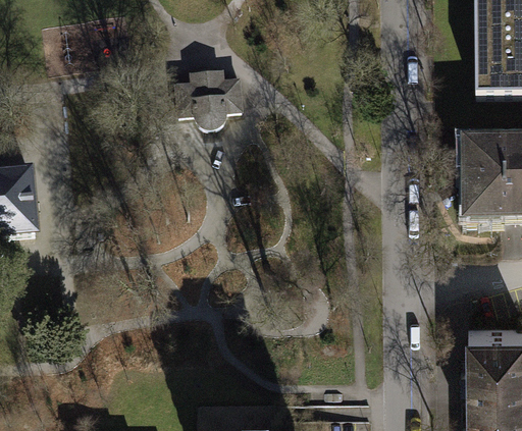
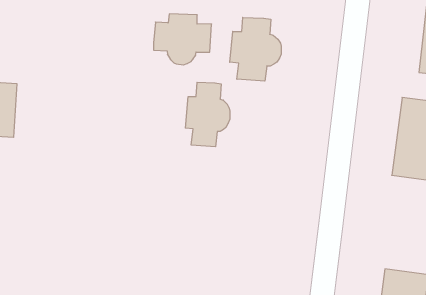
building: none -> [230,17,281,81]
building: none -> [185,82,230,147]

